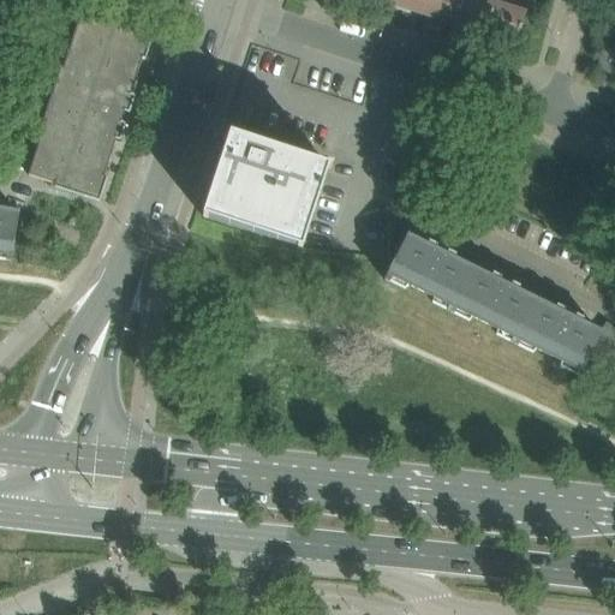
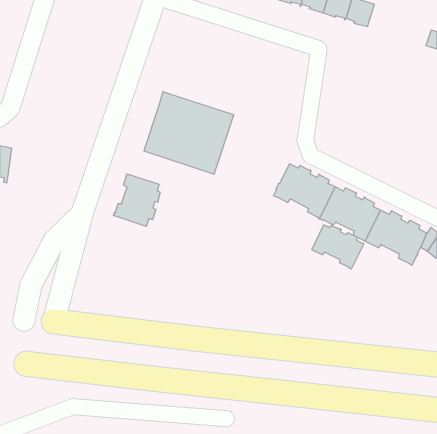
building: [28,10,151,196] -> none
building: none -> [113,174,160,226]
building: none -> [312,225,364,269]

